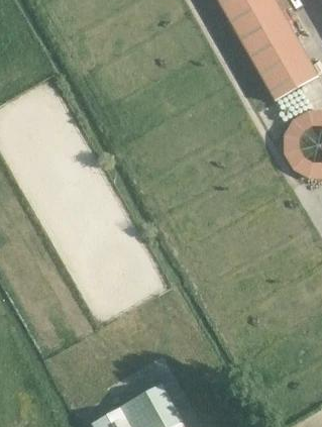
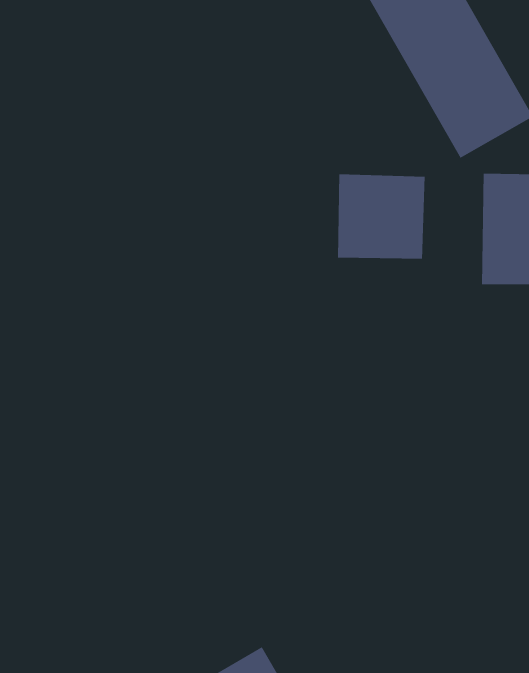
building: none -> [337,174,426,259]

